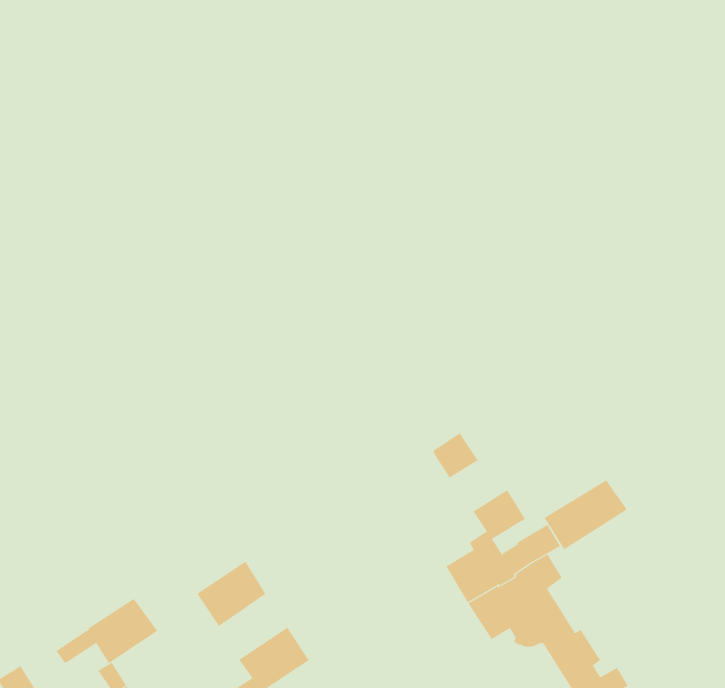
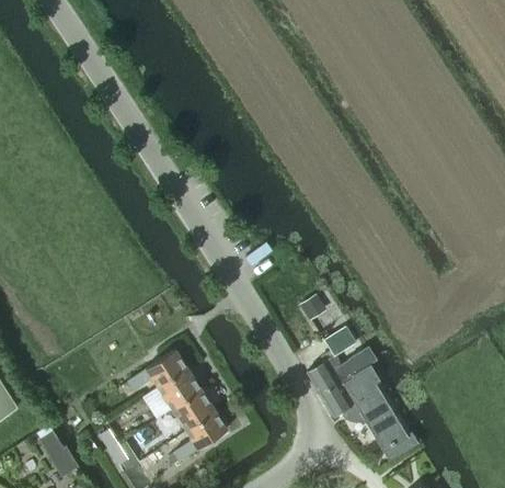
building: [544,479,628,550] -> none
building: none -> [172,389,214,429]
building: [56,598,158,664] -> [127,350,188,389]

